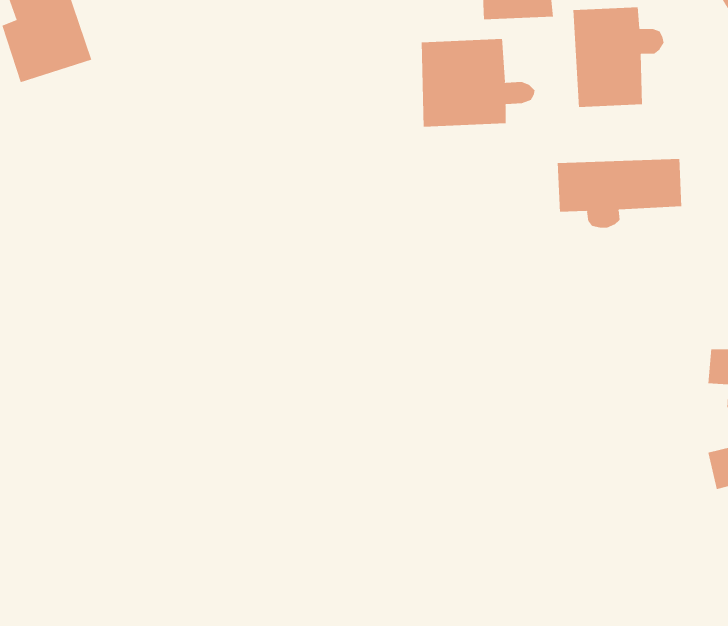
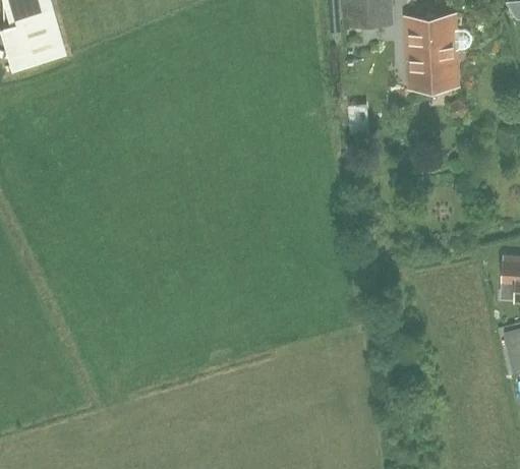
building: [421,38,535,128] -> none
building: [557,158,682,229] -> none

